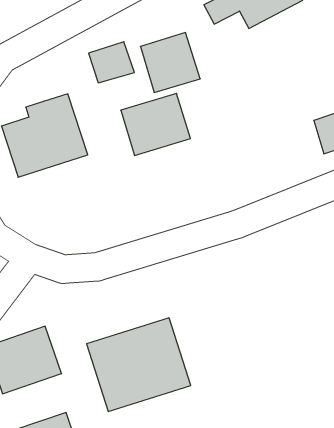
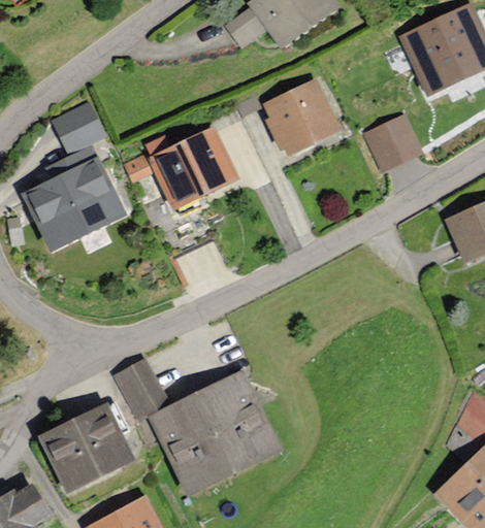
building: [140,33,200,92] -> [265,81,336,153]
building: [89,42,134,83] -> [51,103,104,153]
building: none -> [116,361,166,418]

